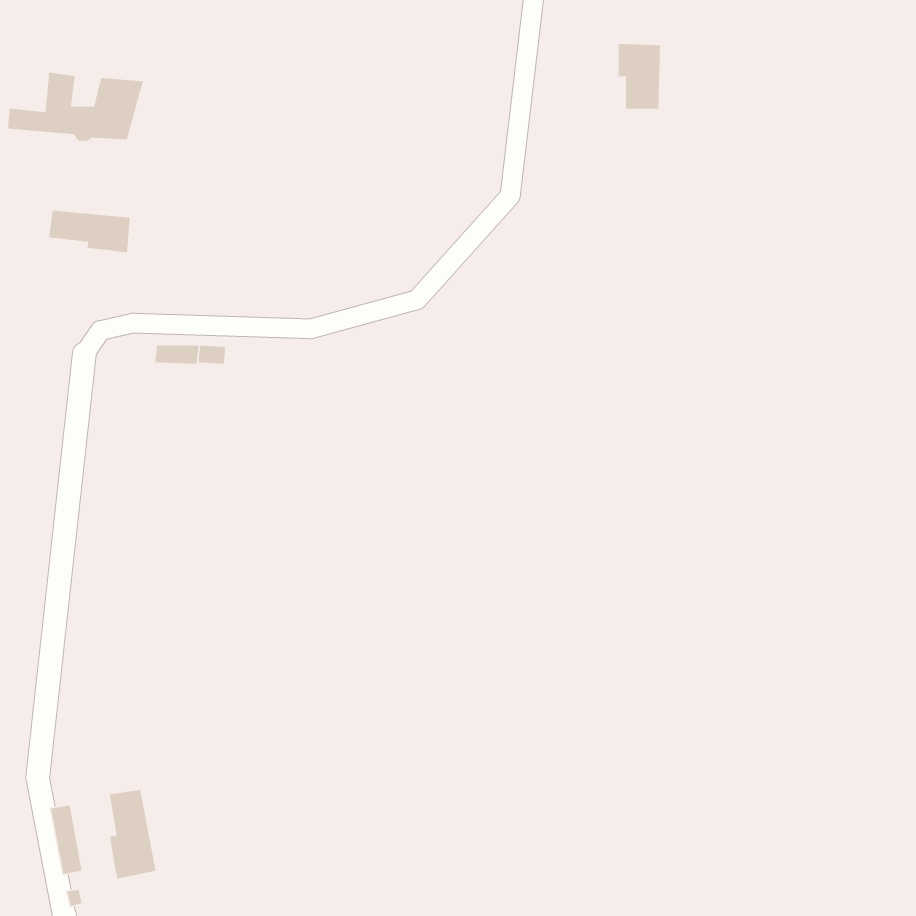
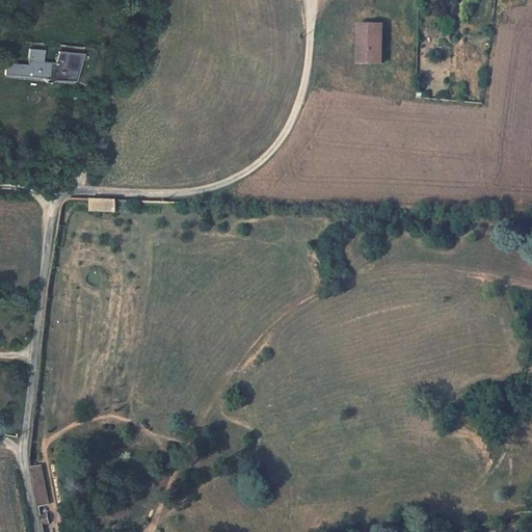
building: [48,210,131,253] -> none
building: [109,789,157,880] -> none

